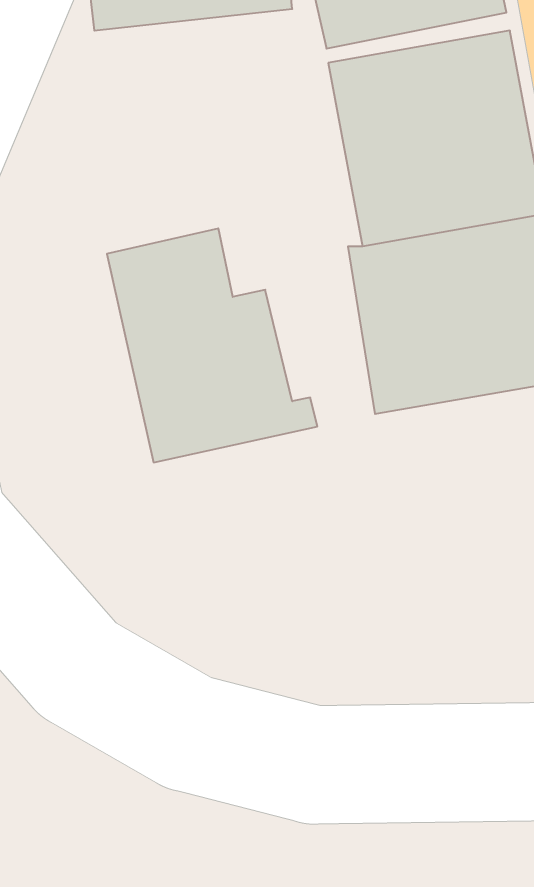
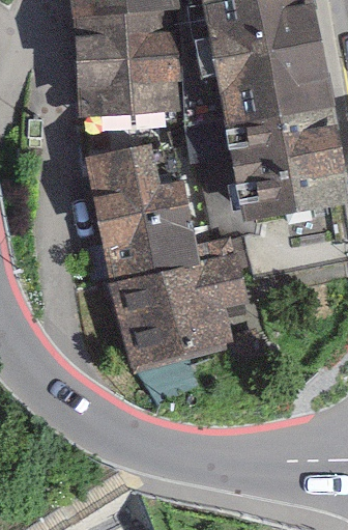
building: none -> [79,17,192,124]
building: none -> [109,225,235,348]

